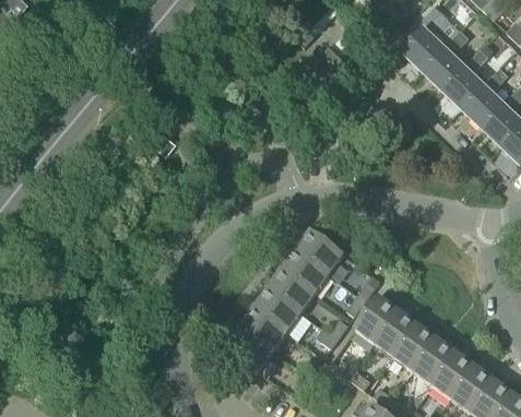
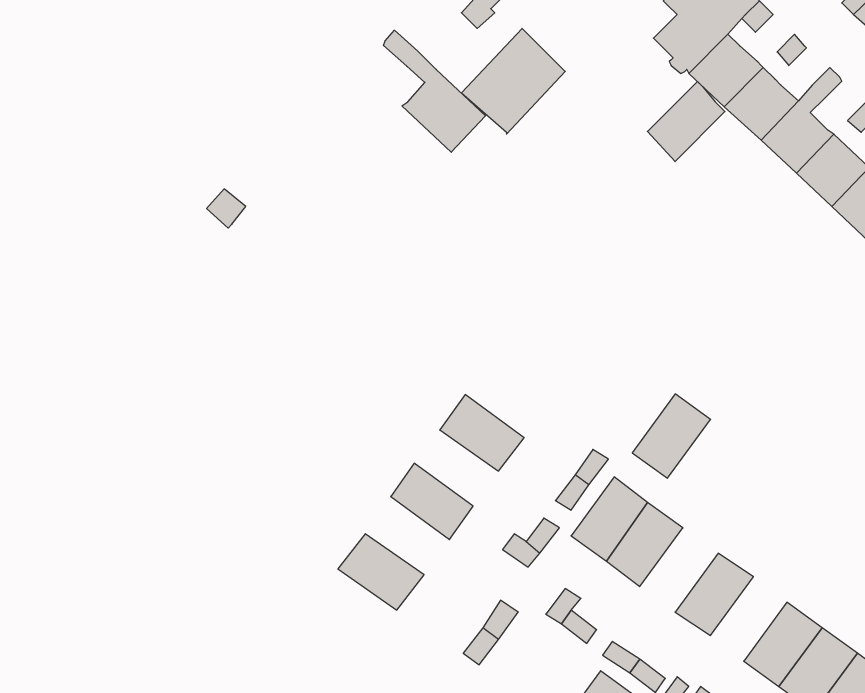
building: none -> [383,30,486,152]
building: none -> [647,82,725,162]
building: [296,229,343,273] -> none
building: [268,269,315,311] -> none
building: [240,306,287,349] -> none
building: [393,323,437,370] -> [632,394,711,478]
building: [433,350,475,397] -> none

